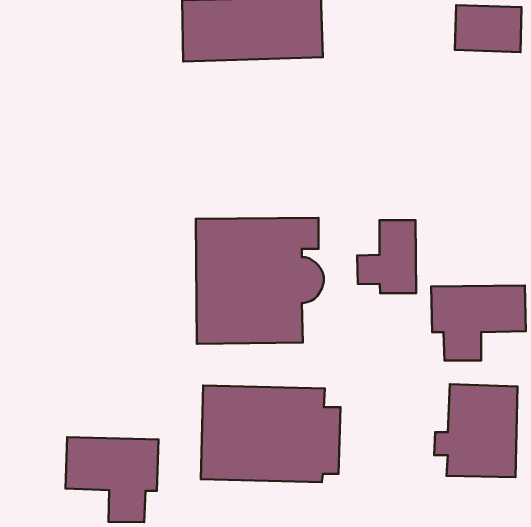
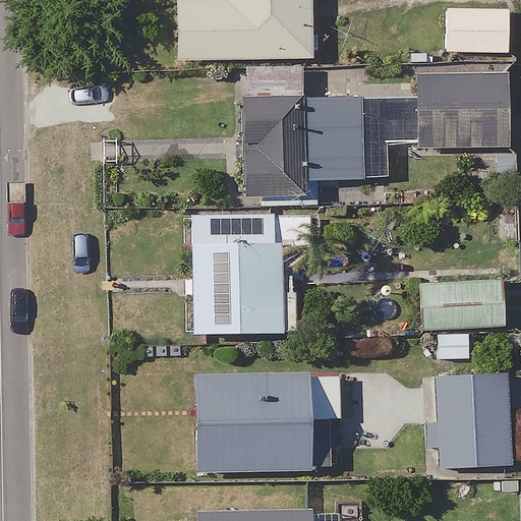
building: none -> [242,75,514,193]
building: [357,220,416,293] -> none
building: [65,437,159,522] -> none

